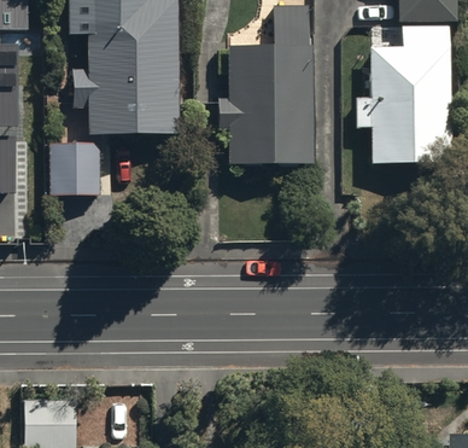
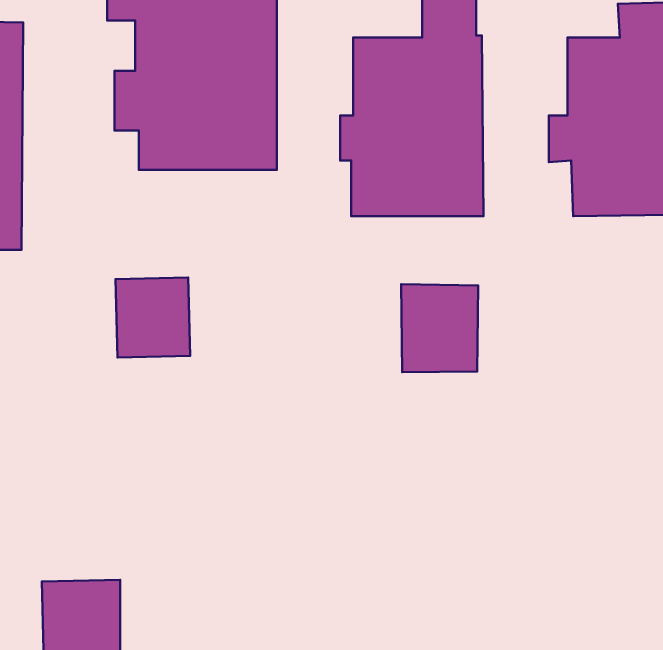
building: [53,141,101,193] -> [115,277,190,358]
building: none -> [401,284,478,372]

